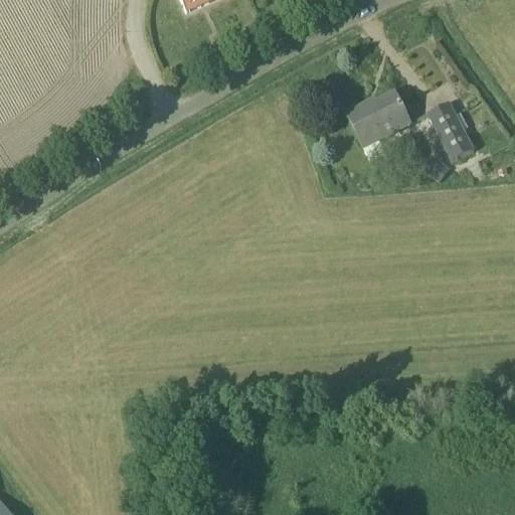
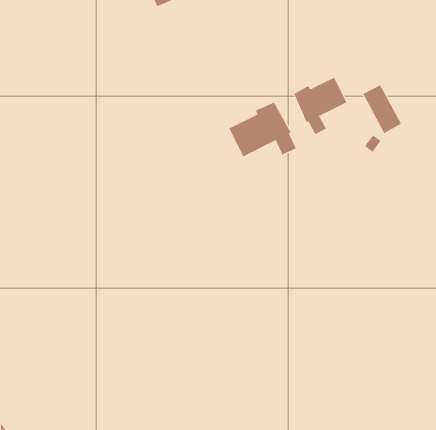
building: none -> [229,102,296,157]

